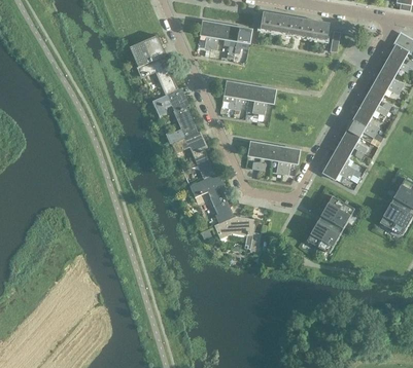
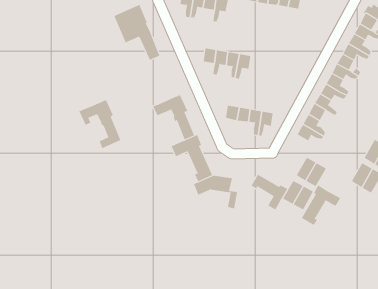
building: [150,88,196,141] -> [79,99,121,149]
building: none -> [251,173,288,210]
building: none -> [301,185,341,226]

